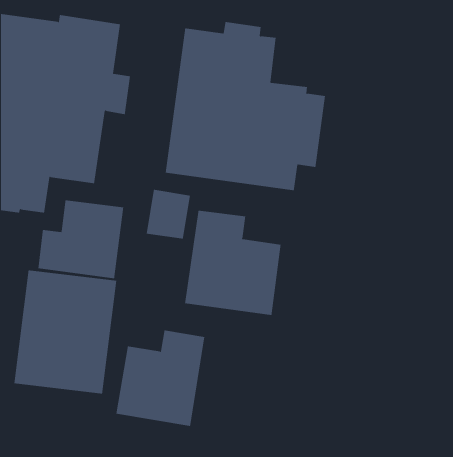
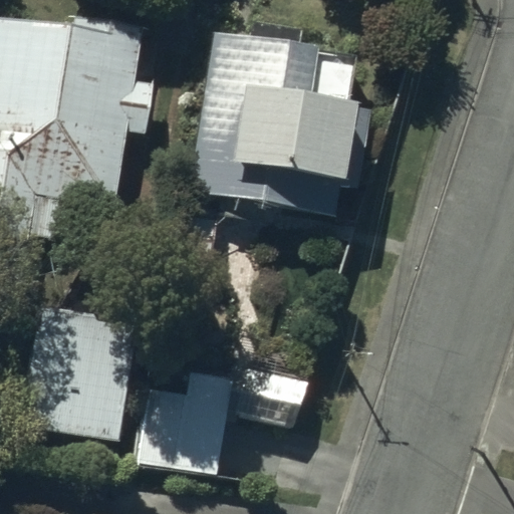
building: [38,200,124,279] -> none
building: [184,210,281,316] -> none

